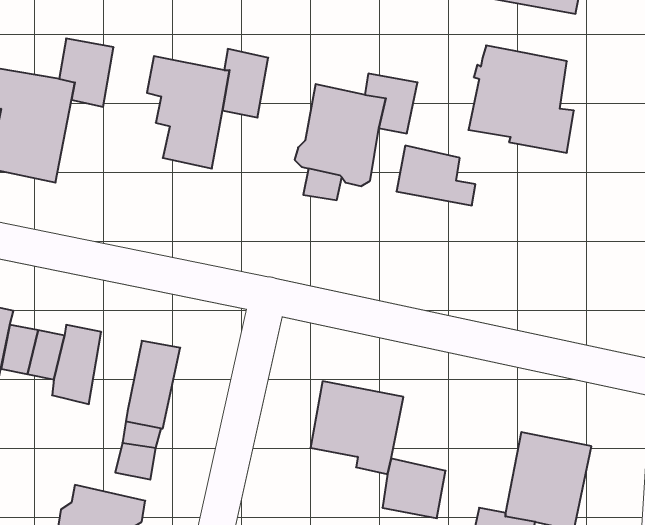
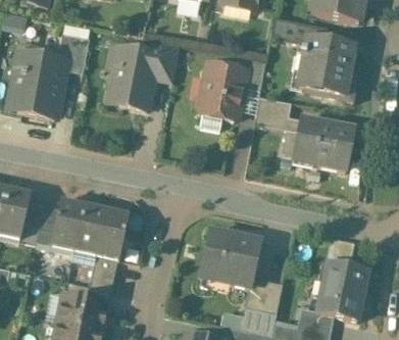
building: none -> [270,18,326,46]
building: none -> [293,117,353,171]
building: none -> [76,205,106,251]

